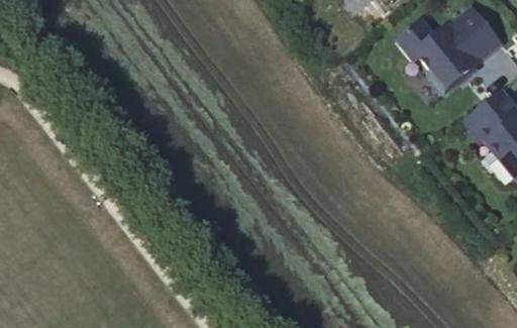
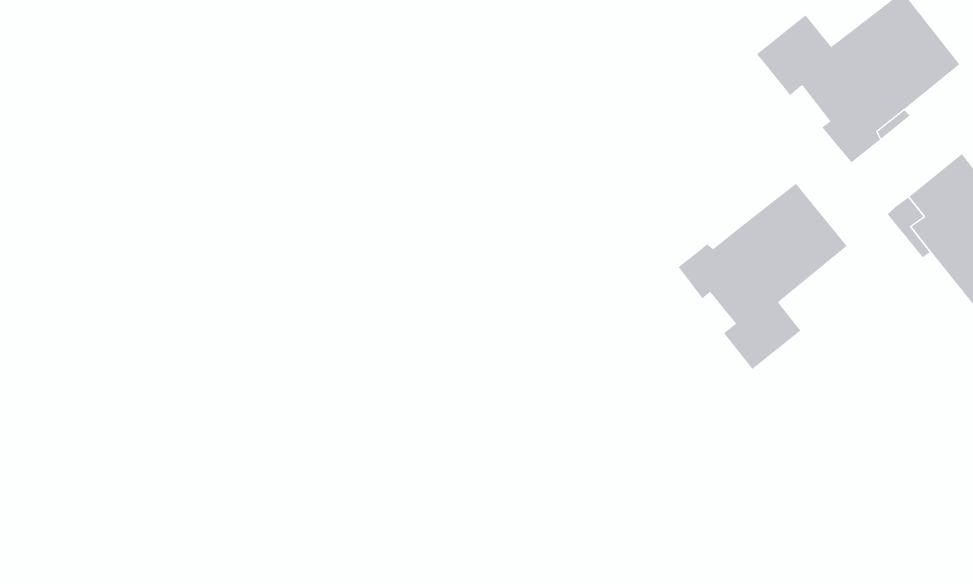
building: none -> [678,183,848,370]

